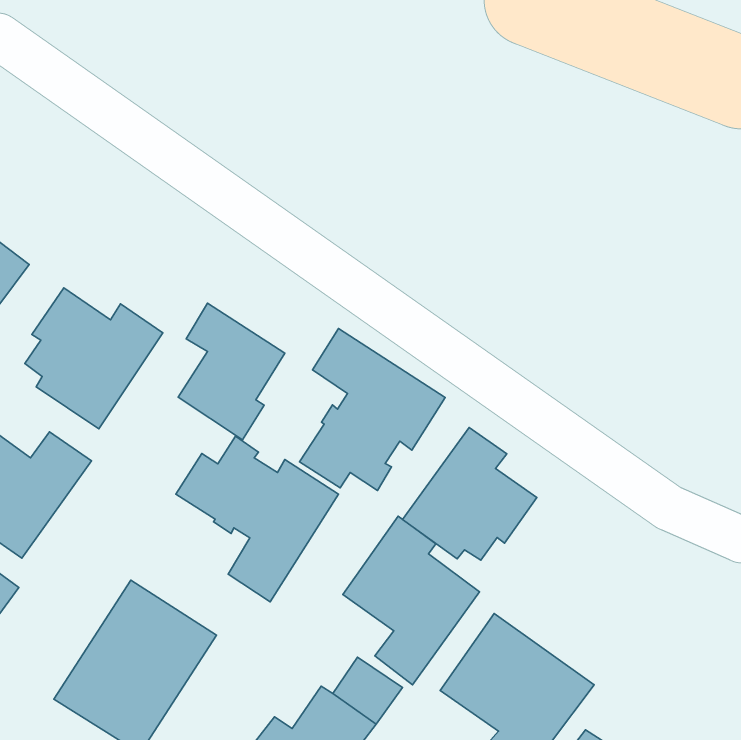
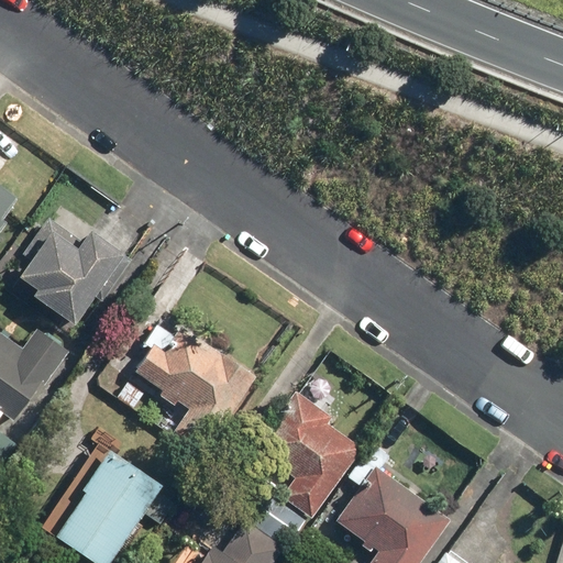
building: [178,303,285,440] -> none
building: [300,328,445,490] -> none
building: [403,427,537,560] -> none

